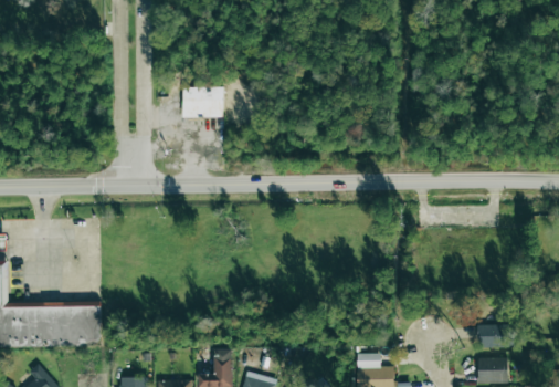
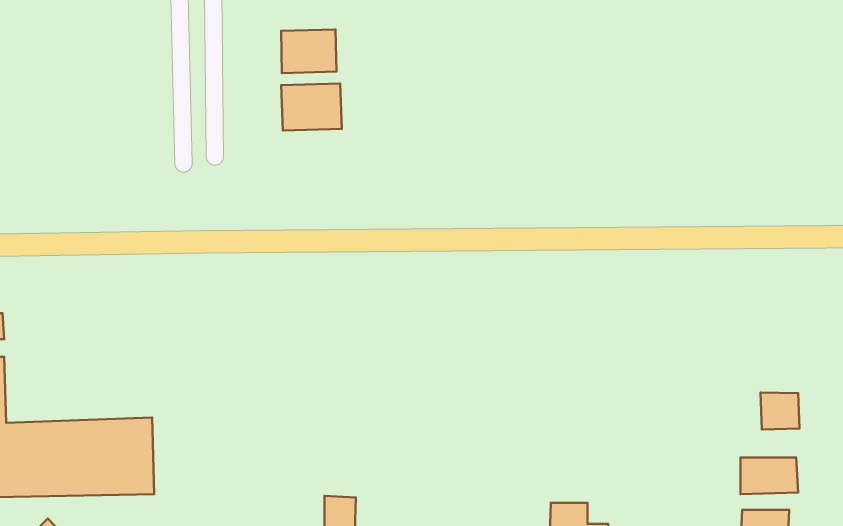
building: none -> [281,29,336,73]
building: none -> [760,393,799,430]

